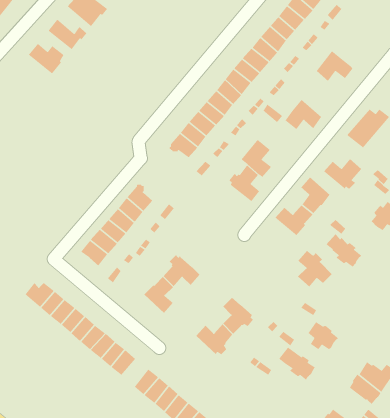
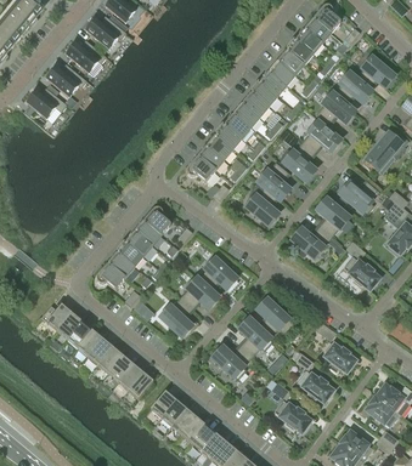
building: none -> [356,57,394,89]
building: none -> [26,87,63,119]
building: none -> [315,93,354,125]
building: none -> [283,143,315,181]
building: none -> [198,257,236,289]
building: [297,250,332,287] -> [258,300,293,337]
building: none -> [273,399,310,432]

